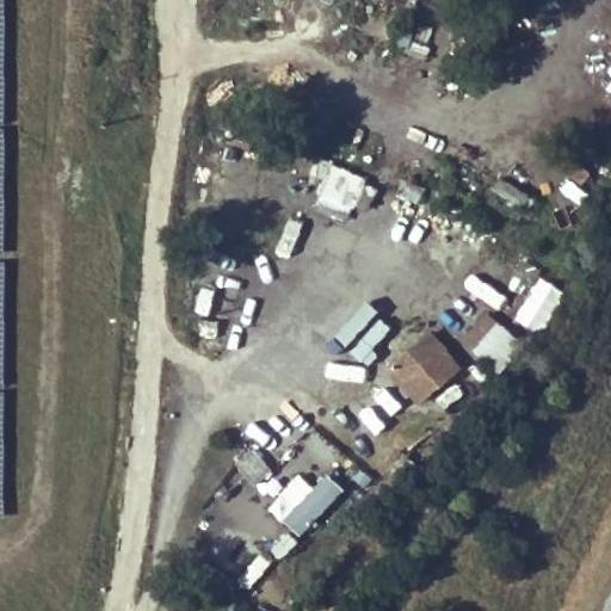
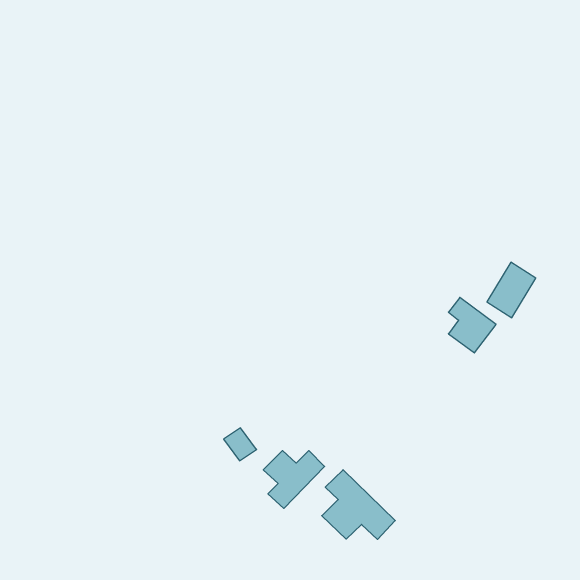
building: [383,329,462,407] -> none
building: none -> [322,470,395,539]

